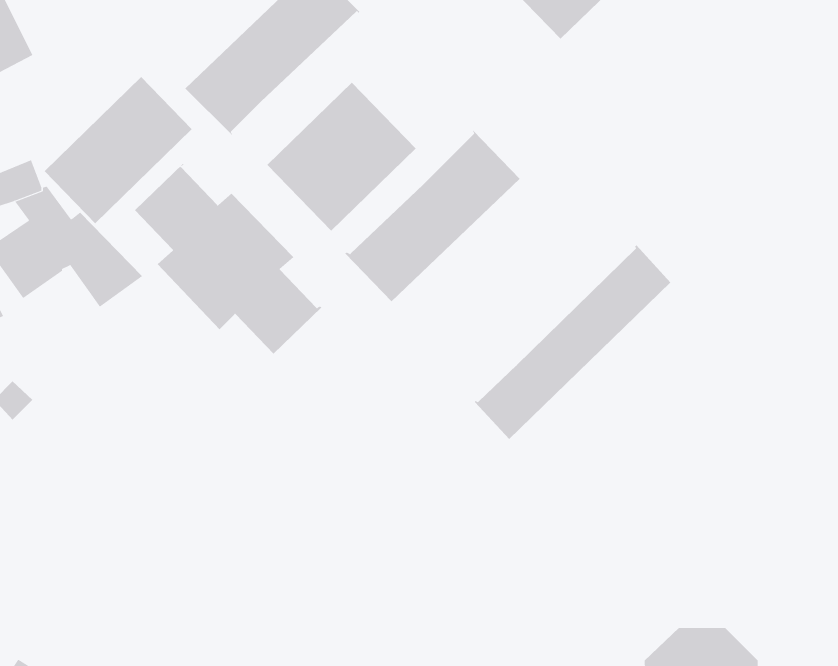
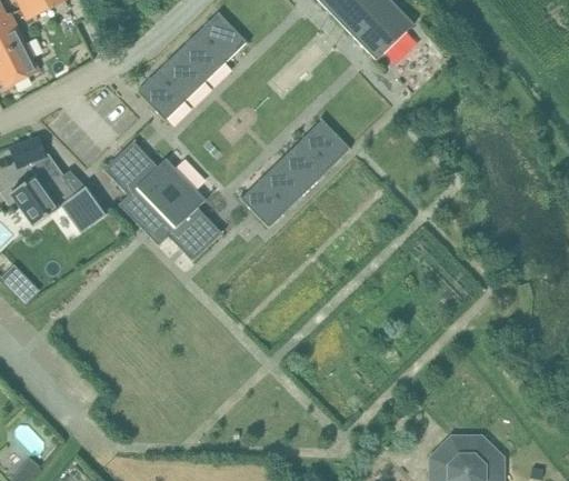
building: [44,76,193,224] -> none
building: [267,82,416,231] -> none
building: [474,245,671,440] -> none

